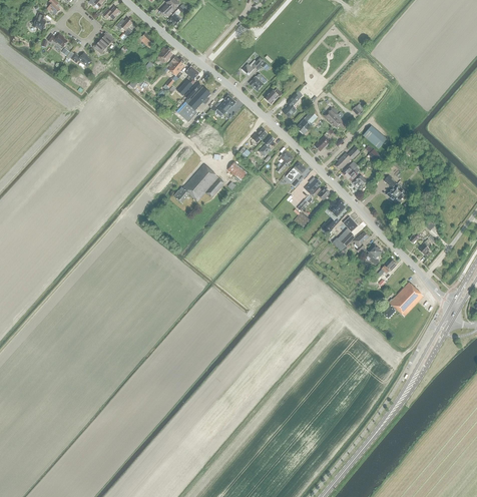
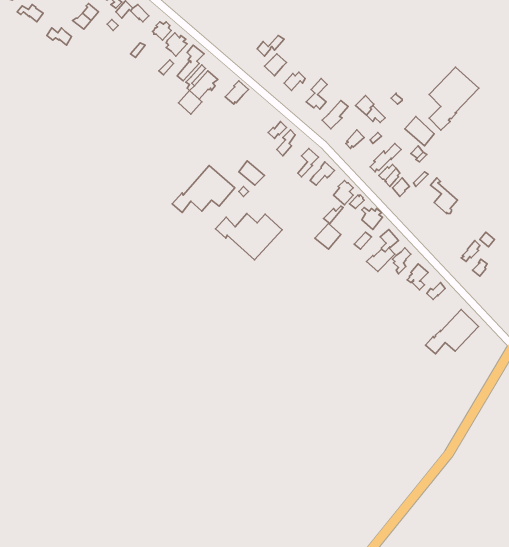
building: none -> [429,67,479,130]
building: none -> [216,214,282,260]

